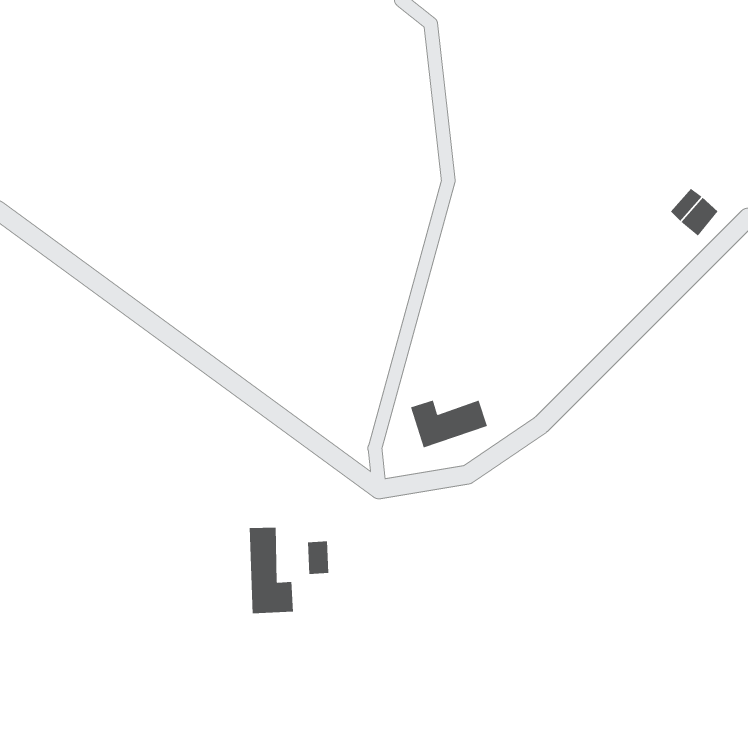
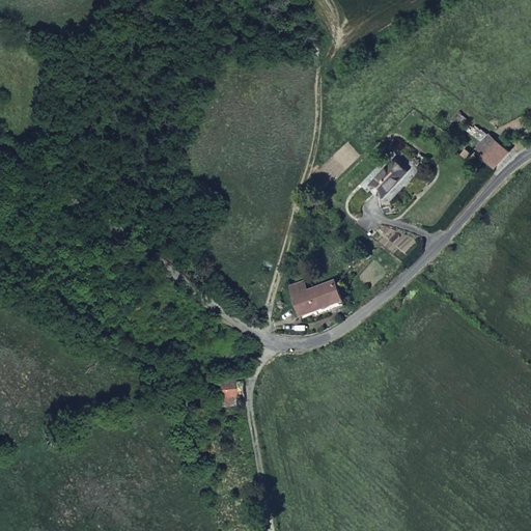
building: none -> [373,159,408,194]
building: [249,527,294,614] -> none

